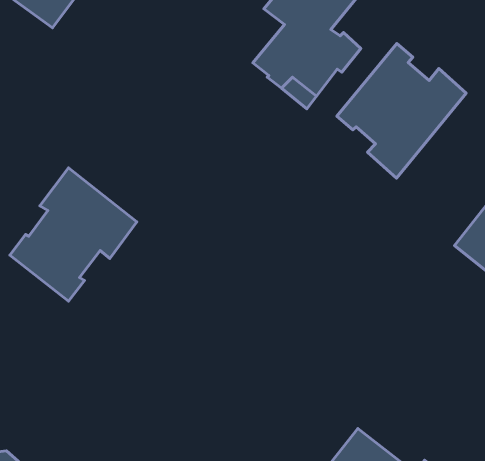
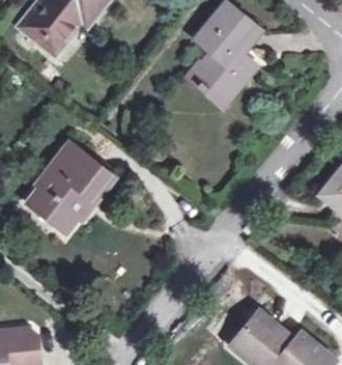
building: [337,43,466,178] -> none

